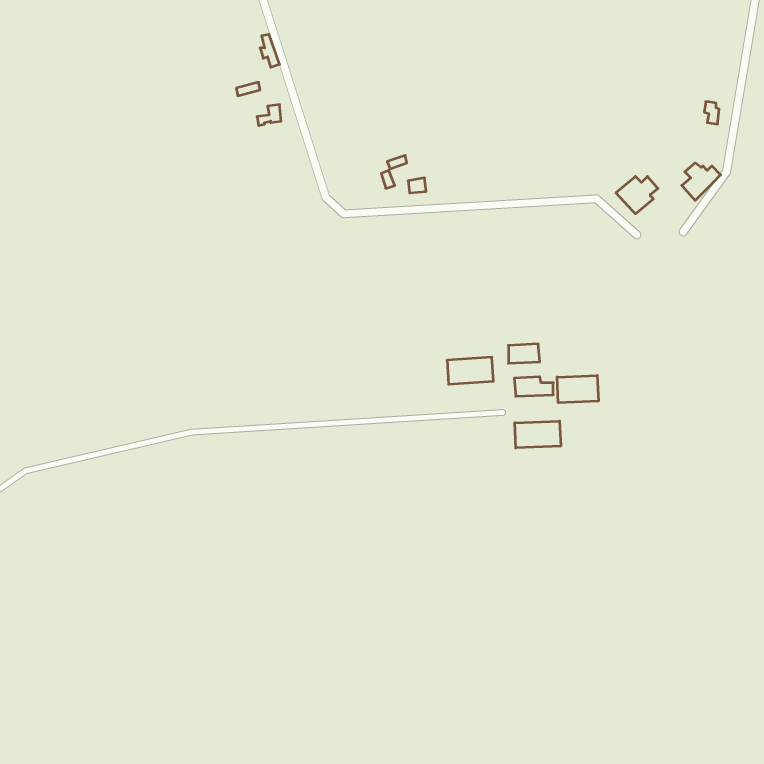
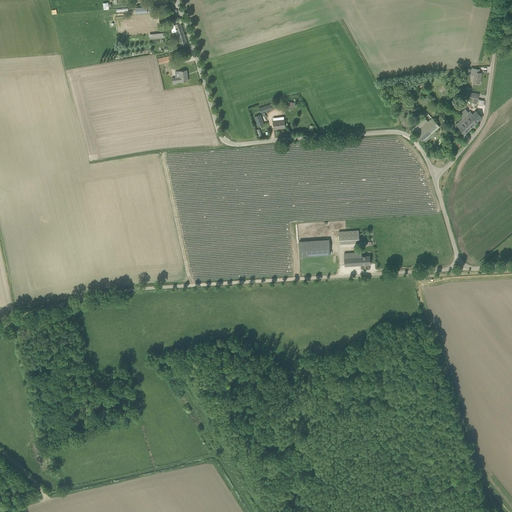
building: [557,375,598,403] -> none
building: [515,421,561,448] -> none

